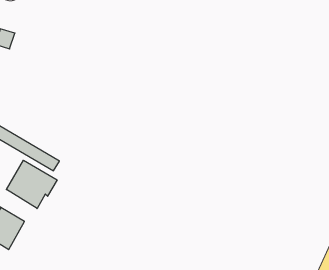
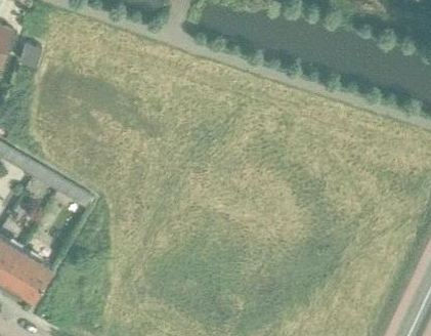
building: [6,160,57,209] -> none

